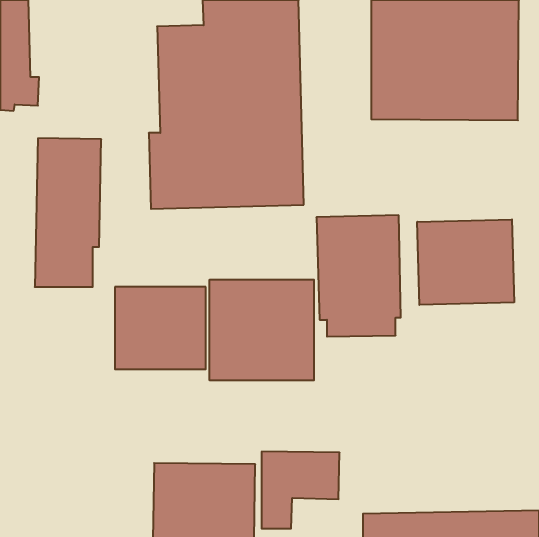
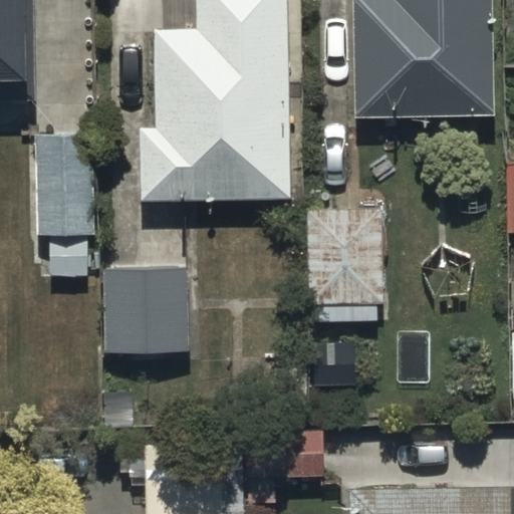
building: [417,219,514,305] -> none
building: [210,280,314,380] -> none

